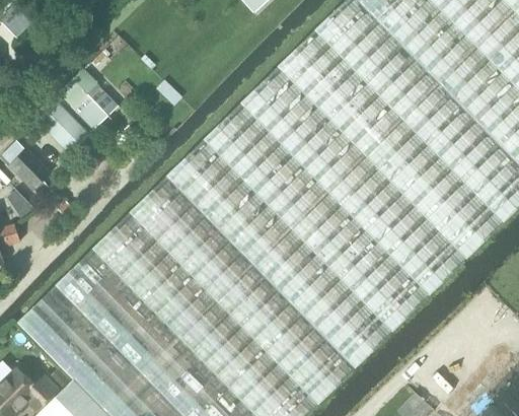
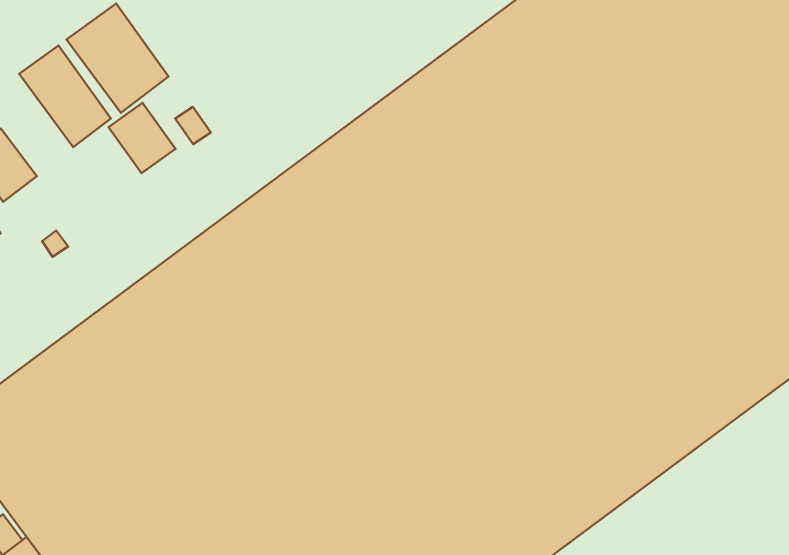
building: none -> [108,103,175,173]

